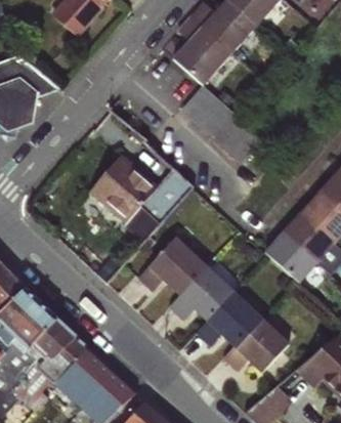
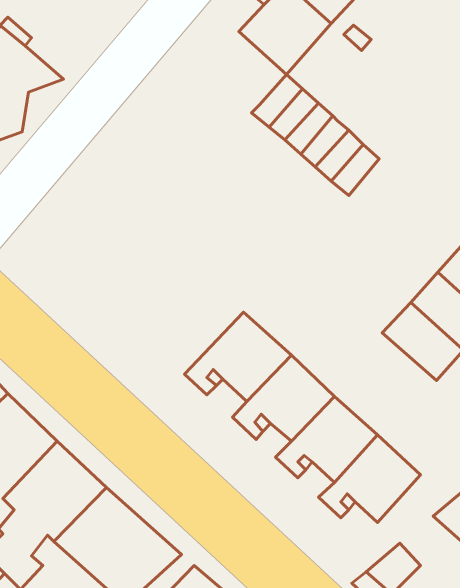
building: [89,155,195,241] -> none

